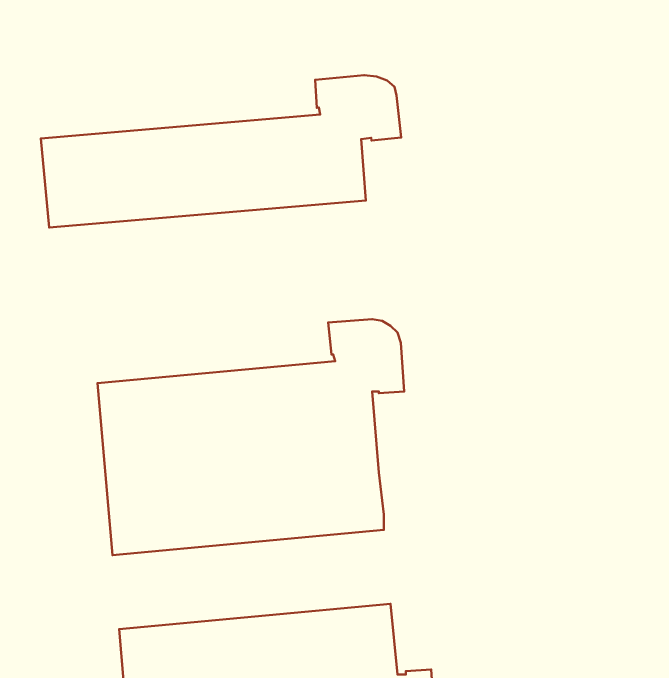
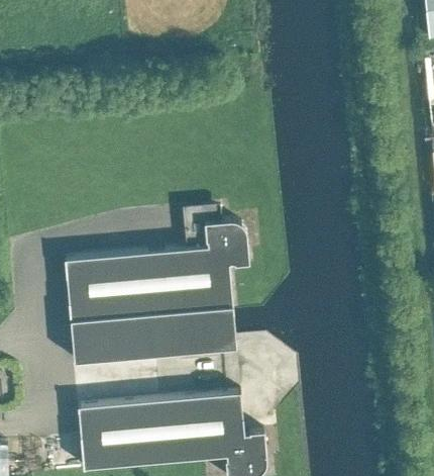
building: [41,75,401,228] -> none

